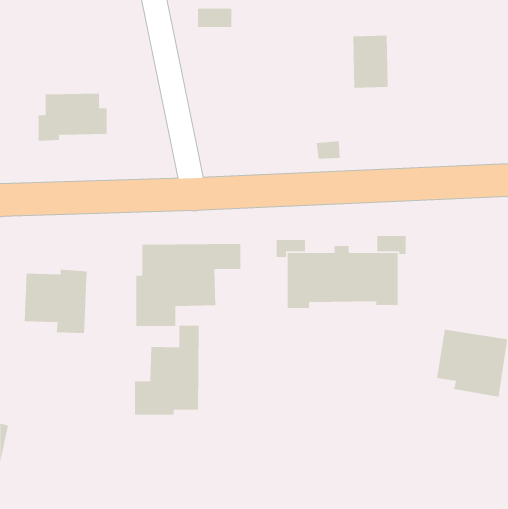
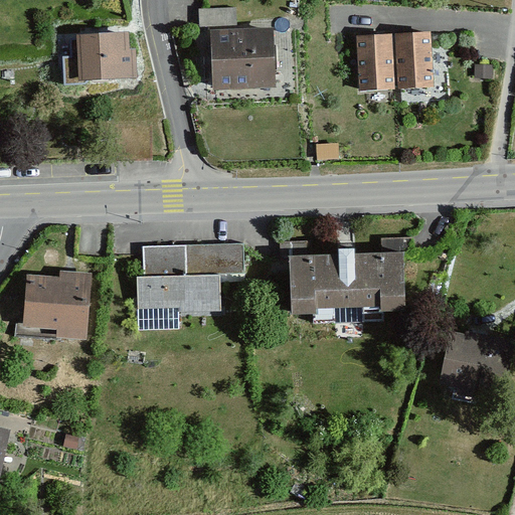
building: none -> [210,29,274,89]
building: none -> [395,33,431,88]
building: [38,93,108,142] -> [63,35,134,84]
building: [134,325,199,415] -> none

